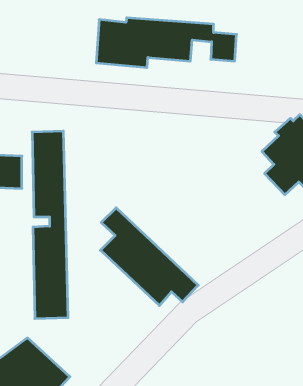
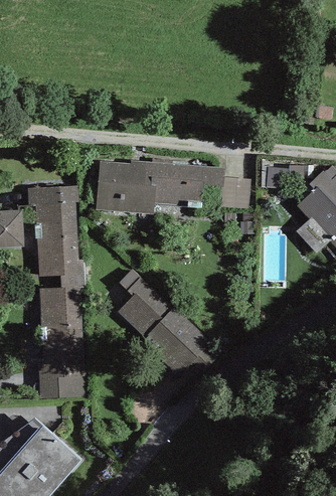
building: [96,18,237,68] -> [97,161,249,215]

